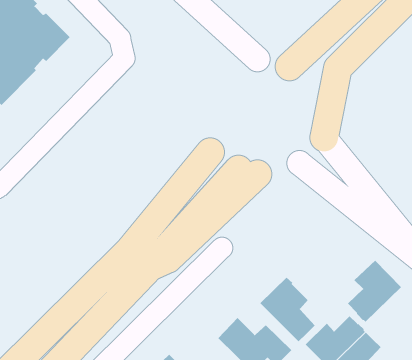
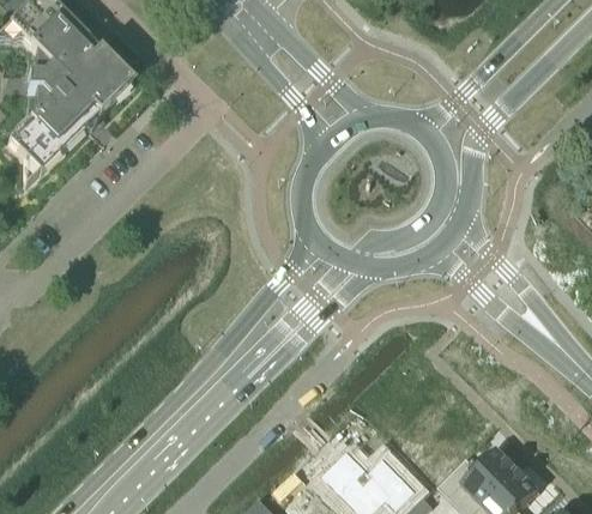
building: [347,260,402,323] -> none
building: [260,277,316,342] -> none

